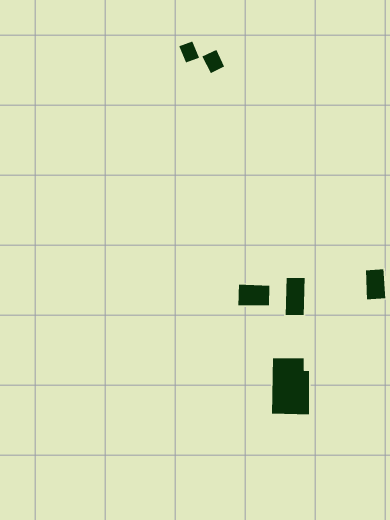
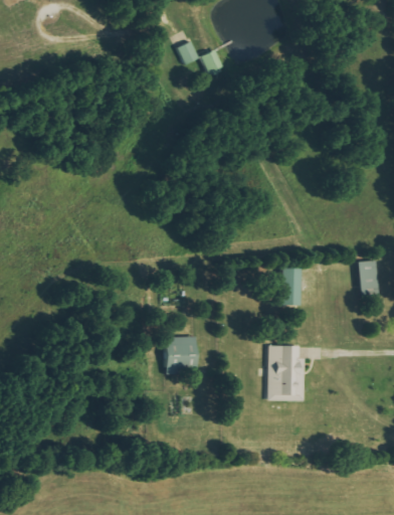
building: [238,284,270,306] -> none
building: none -> [165,336,196,371]

